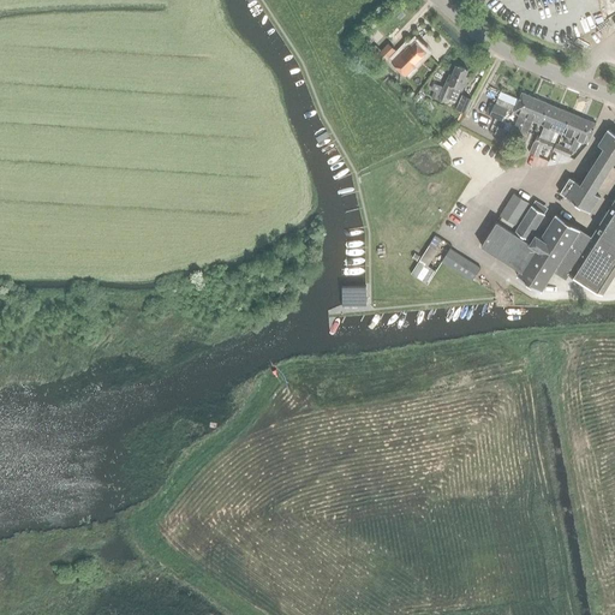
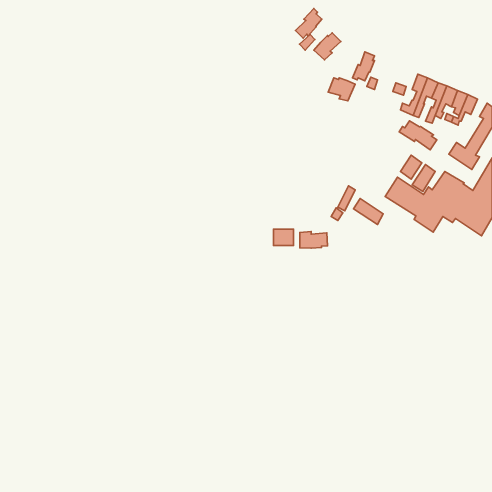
building: none -> [295,8,322,38]
building: none -> [328,78,355,101]
building: none -> [399,121,437,150]
building: none -> [300,231,328,248]

